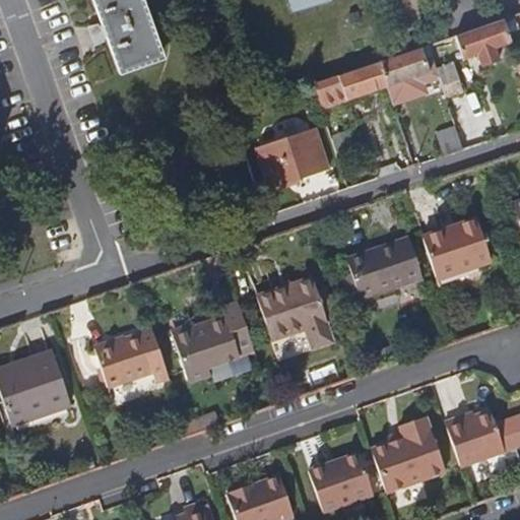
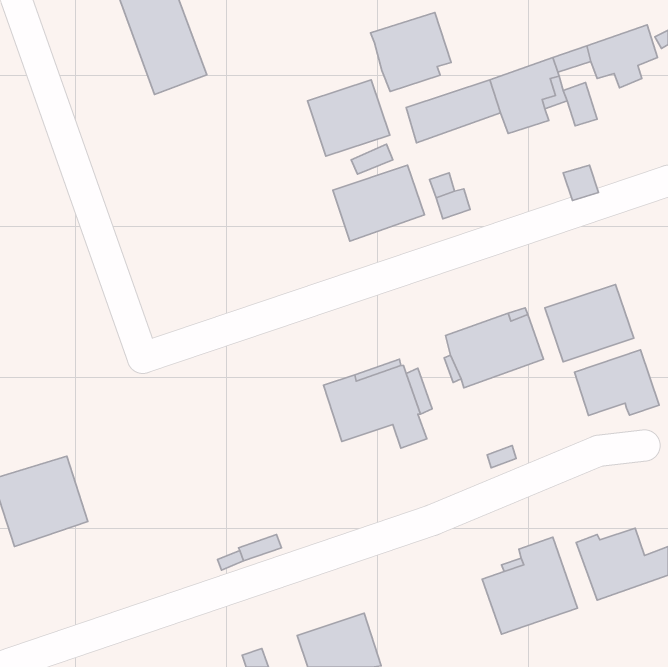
building: none -> [371,12,451,92]
building: none -> [307,80,390,156]
building: none -> [574,350,659,415]
building: [174,305,254,381] -> none
building: [92,329,169,386] -> none
building: [312,453,376,512] -> none

